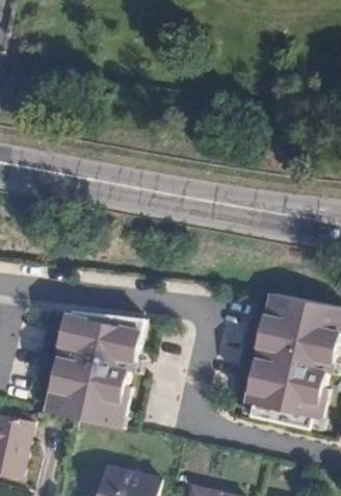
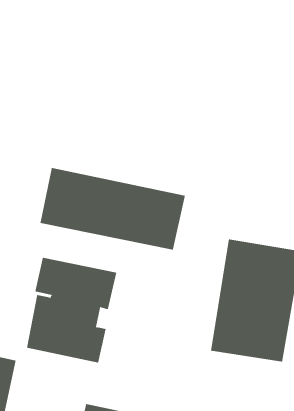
building: none -> [40,167,185,250]

